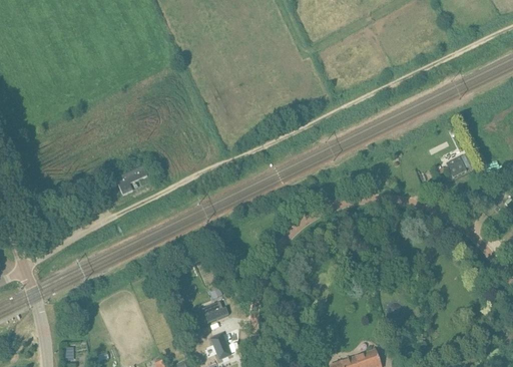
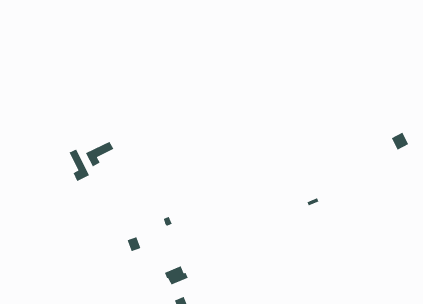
building: none -> [69,149,90,182]

